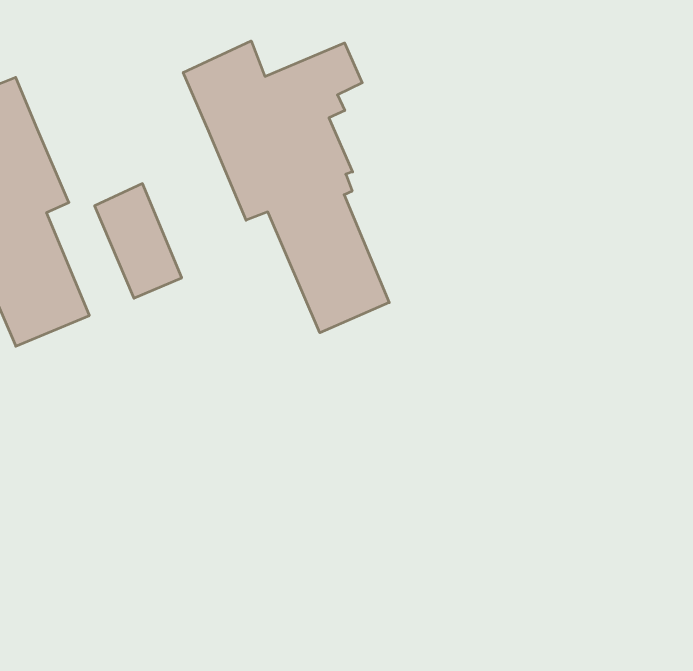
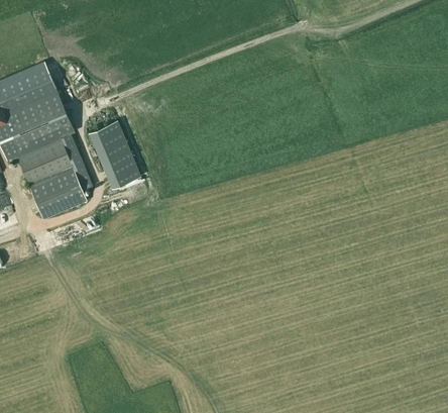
building: [183,41,389,333] -> none

